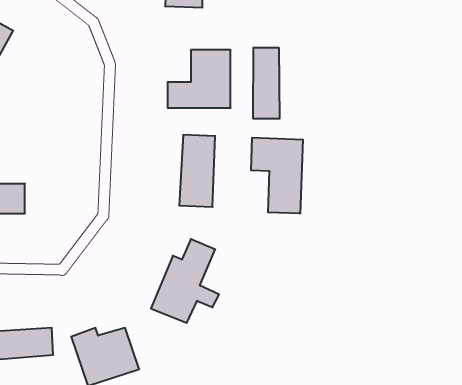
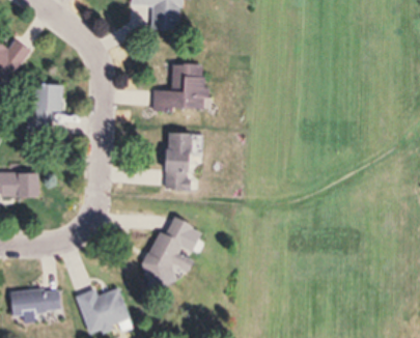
building: [253,48,280,119] -> none
building: none -> [28,82,64,133]
building: [251,138,303,214] -> none

